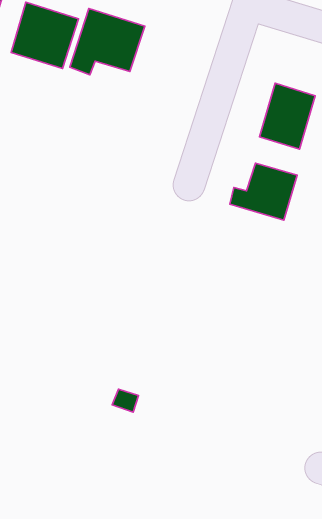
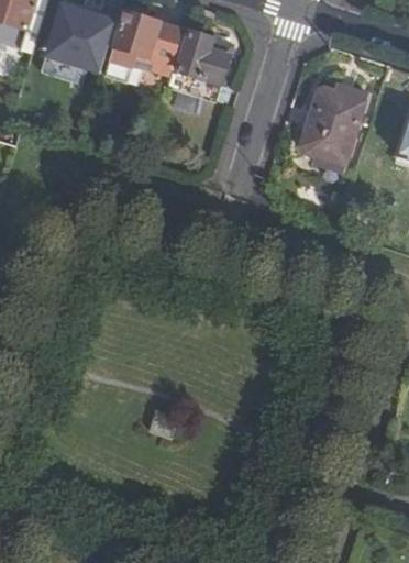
building: none -> [176,31,230,82]
building: [230,163,297,220] -> none

